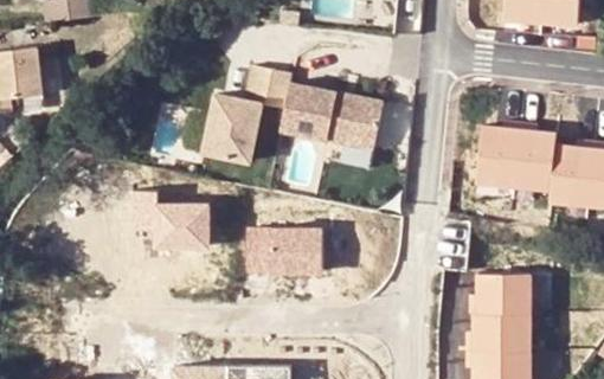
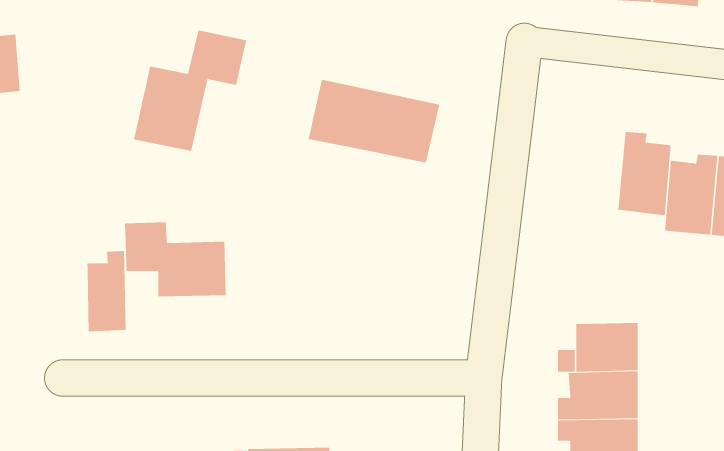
building: [194,62,284,158] -> [133,30,247,151]
building: [478,120,521,182] -> none
building: none -> [87,250,126,332]
building: [242,231,320,275] -> none

